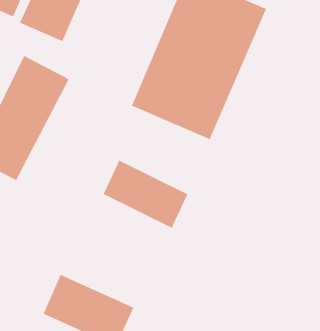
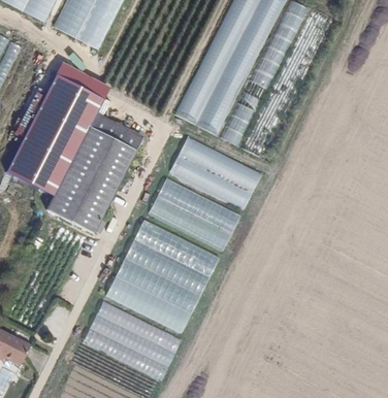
building: none -> [45,114,141,237]
building: none -> [167,136,261,209]
building: none -> [104,218,218,331]

